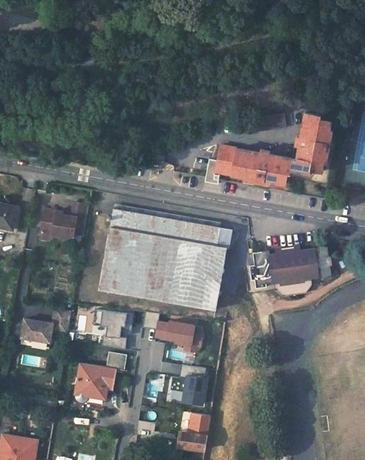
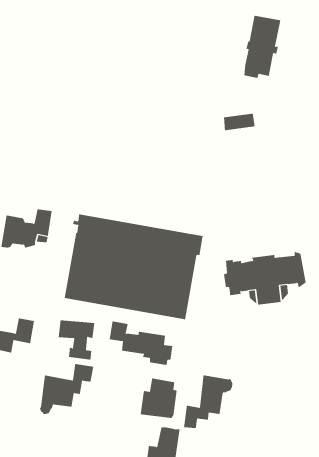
building: [293,110,329,171] -> [244,15,281,78]
building: [215,143,290,183] -> none
building: none -> [183,375,233,429]

